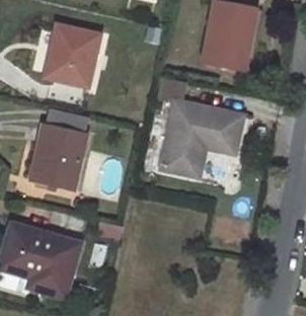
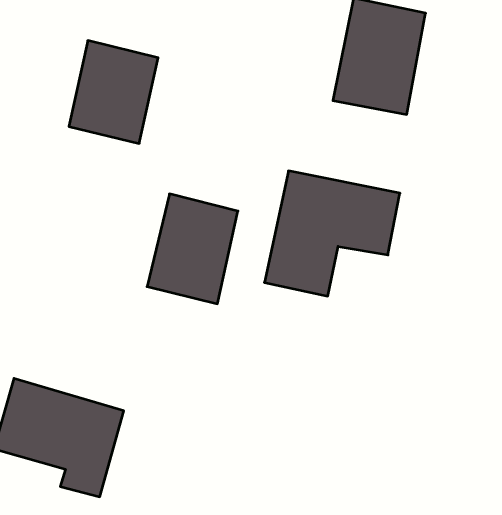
building: [31,125,85,189] -> [147,194,238,304]

